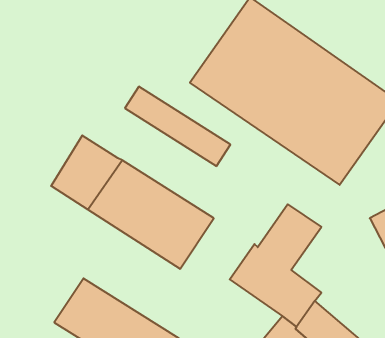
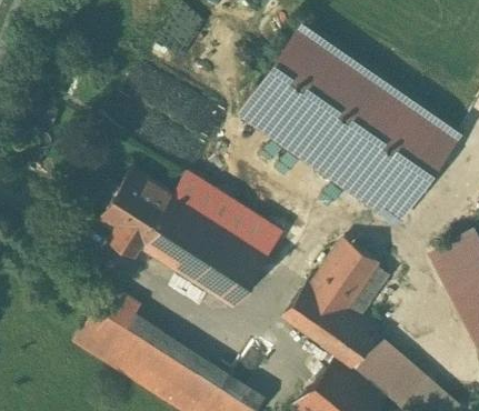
building: [125,87,230,166] -> [174,173,283,255]
building: none -> [74,290,140,363]

